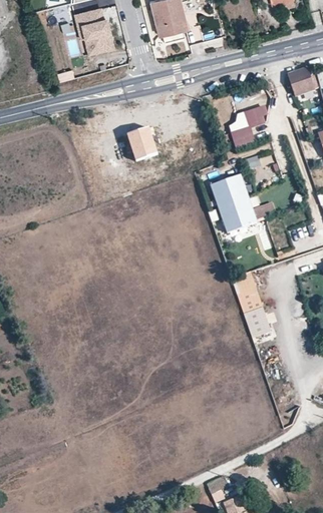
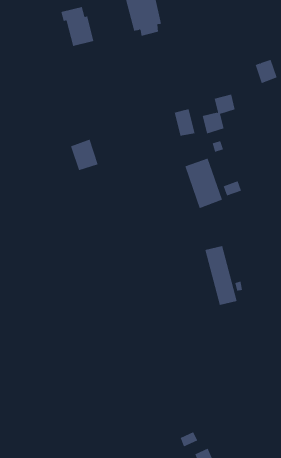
building: none -> [174,108,195,136]
building: [126,125,157,160] -> [70,139,98,171]

